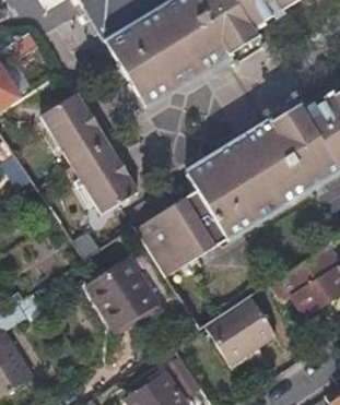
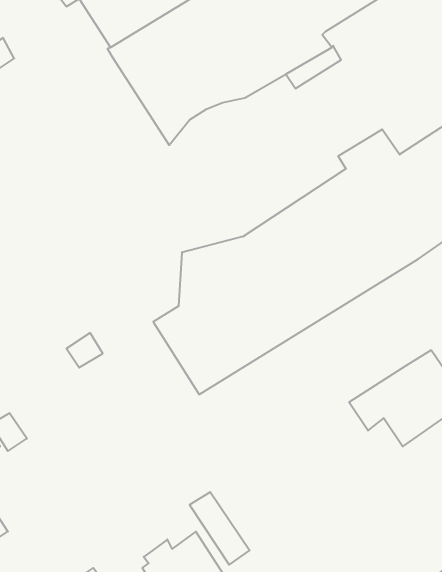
building: [42,94,138,215] -> none
building: [86,257,159,330] -> none
building: [202,296,279,364] -> none

